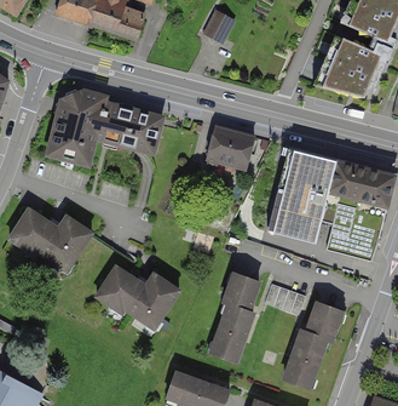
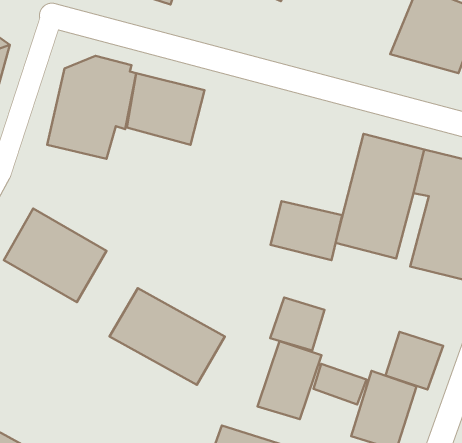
building: [202,122,258,168] -> [271,201,342,260]
building: [265,282,306,314] -> [313,364,366,404]

